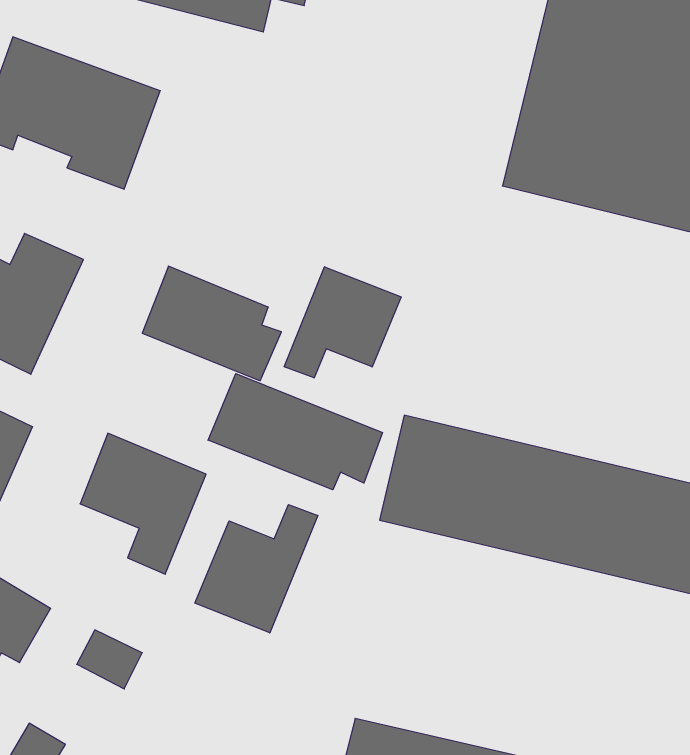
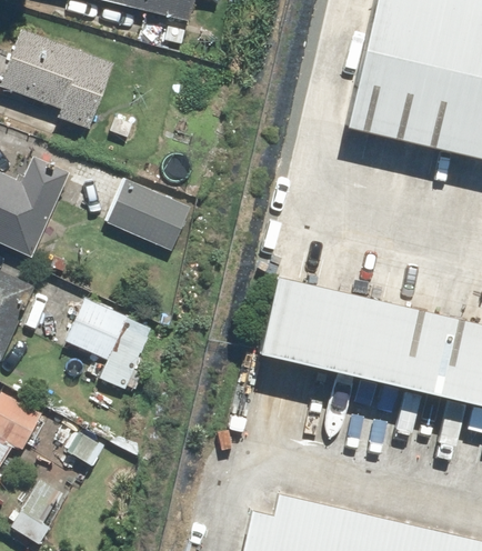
building: [284,267,401,378] -> none
building: [208,374,382,490] -> none
building: [195,505,318,633] -> none

